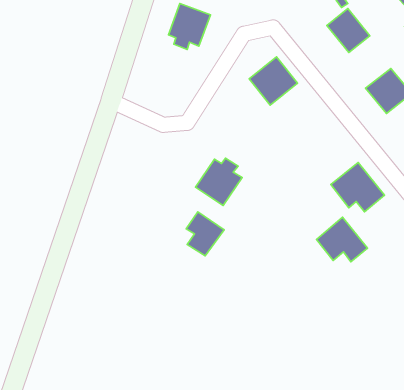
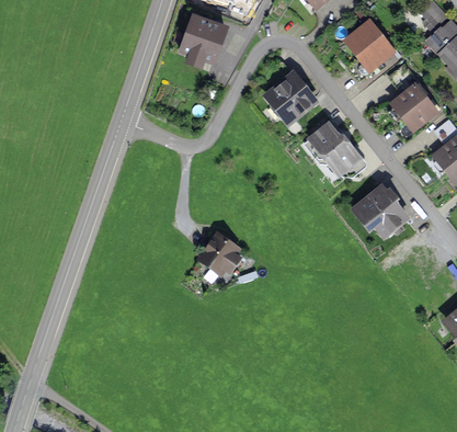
building: none -> [301,123,356,181]
building: [196,158,242,206] -> none
building: [317,217,368,262] -> none

